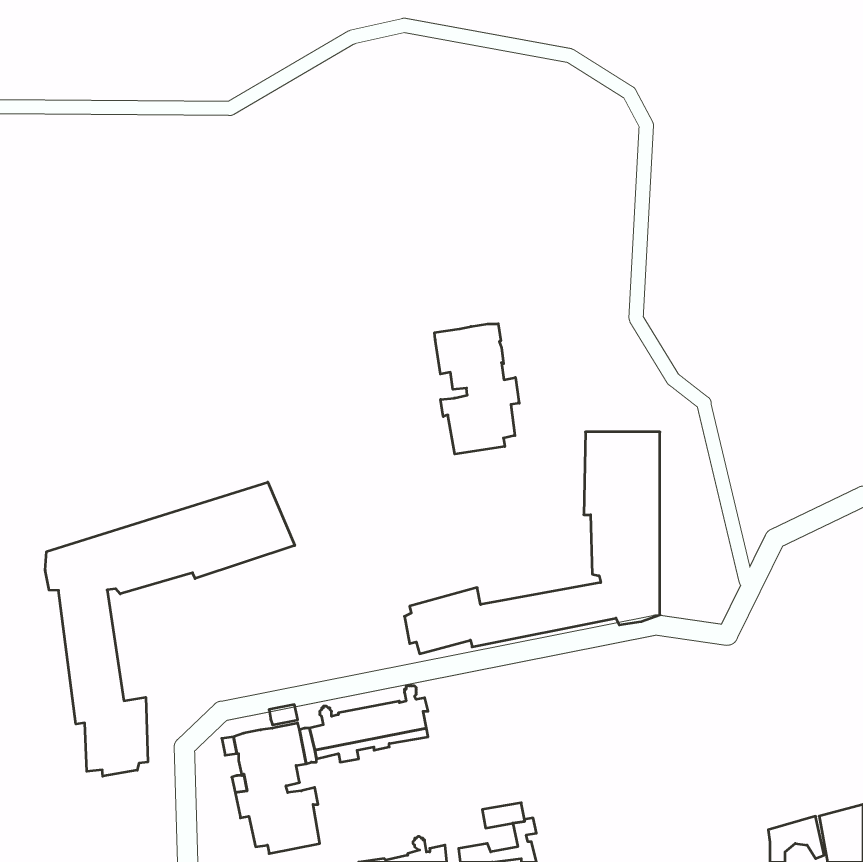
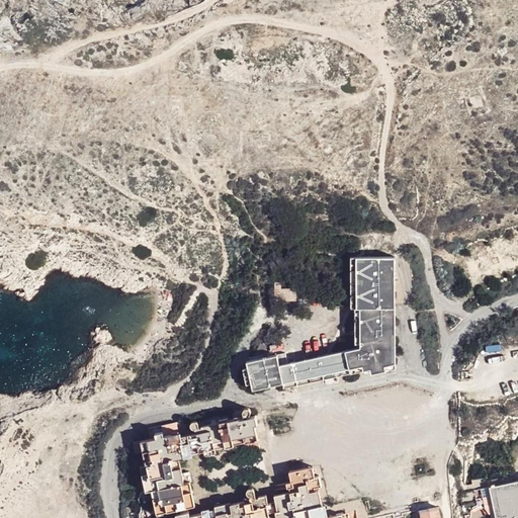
building: [435,324,519,454] -> none
building: [45,482,295,776] -> none

